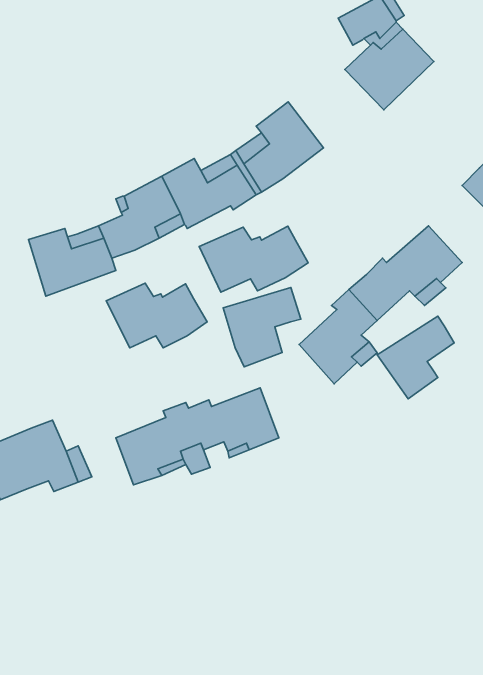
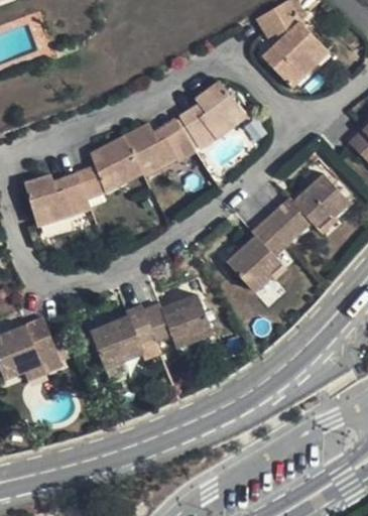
building: [199,226,308,292] -> none
building: [106,283,207,348] -> none
building: [223,287,301,367] -> none
building: [377,316,454,399] -> none

